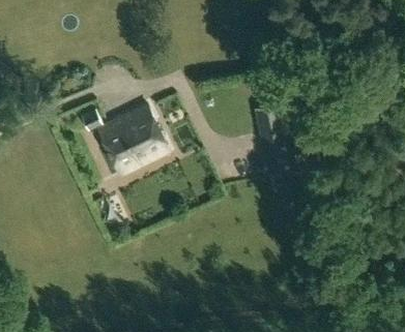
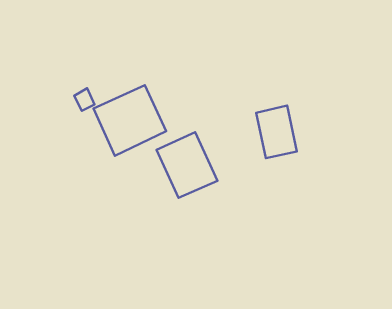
building: none -> [157,132,218,198]

